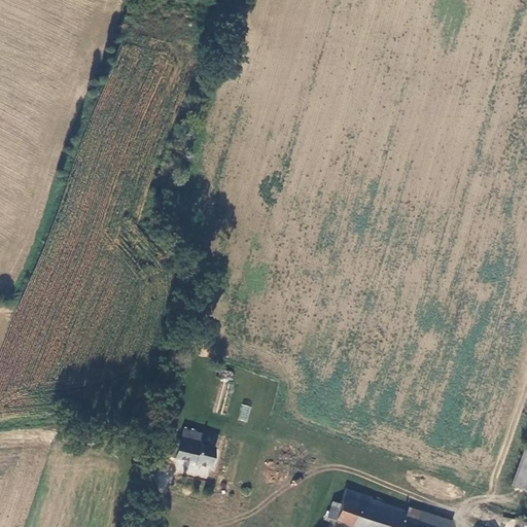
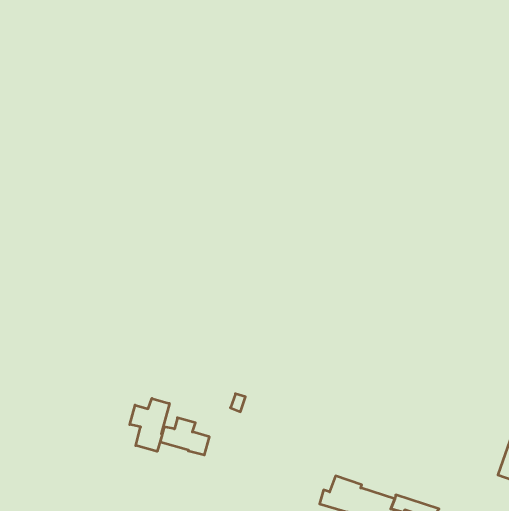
building: none -> [130,398,169,451]

